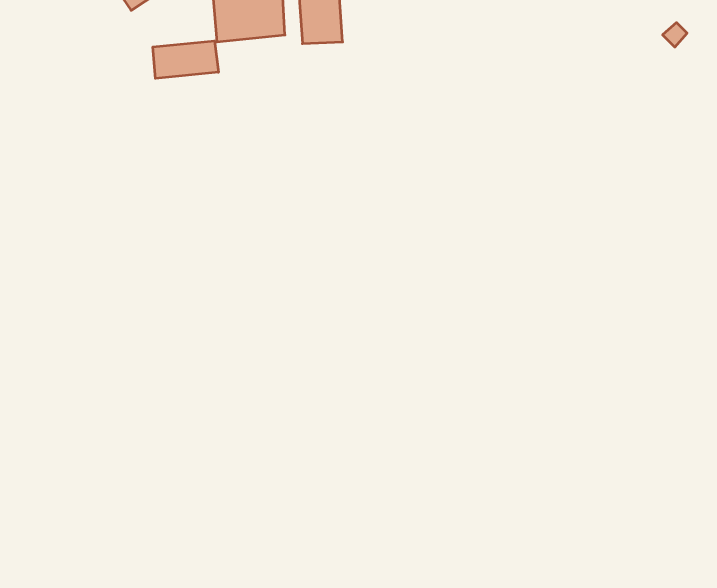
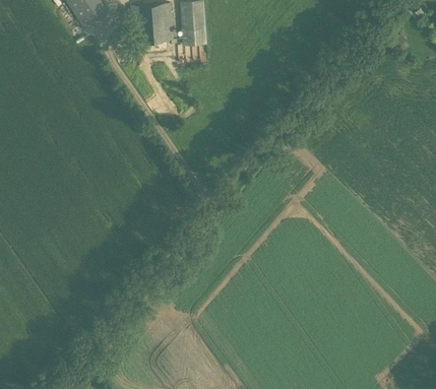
building: [153,41,218,78] -> none

